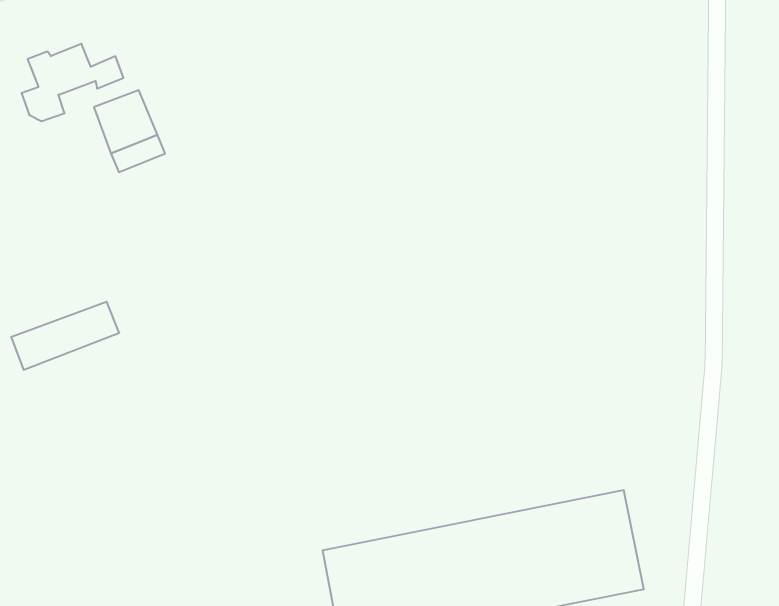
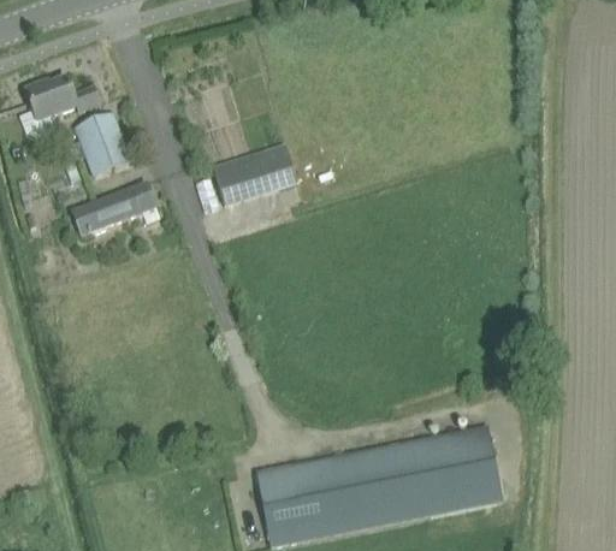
building: none -> [212,143,297,203]
building: [11,302,119,370] -> [71,182,155,235]

